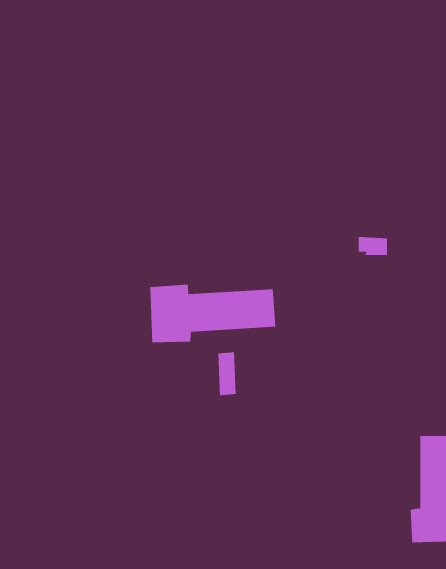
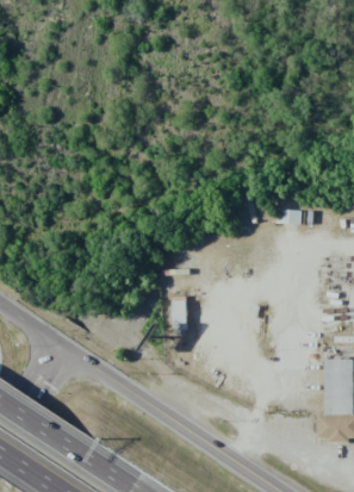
building: [150,284,276,343] -> none

